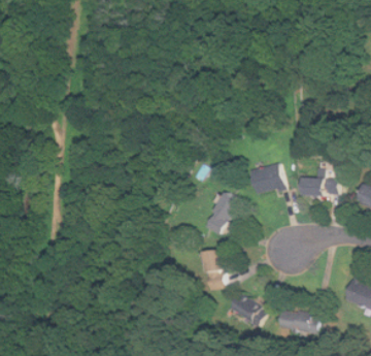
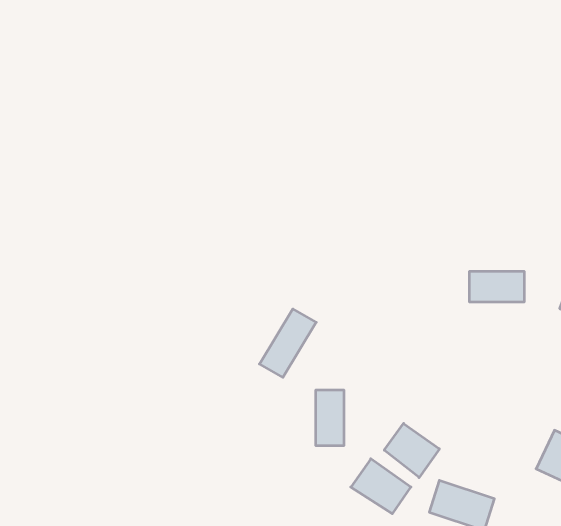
building: [248,162,283,195] -> none
building: [204,192,239,234] -> [259,309,316,377]
building: none -> [384,423,439,478]

